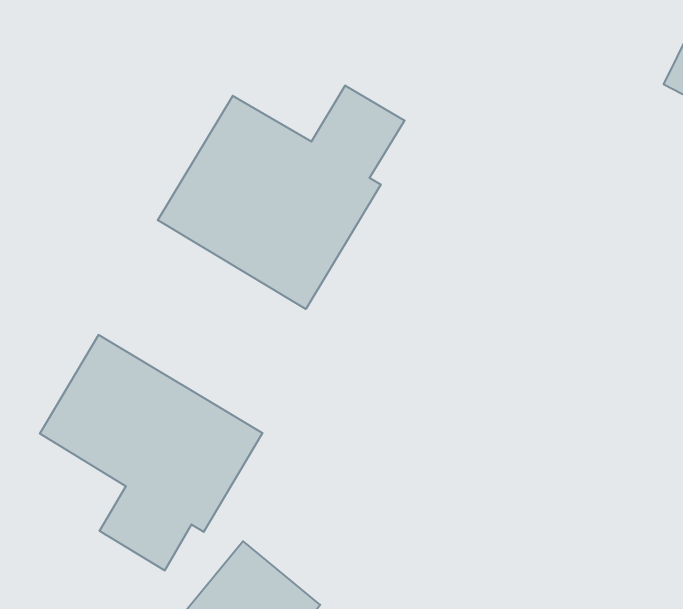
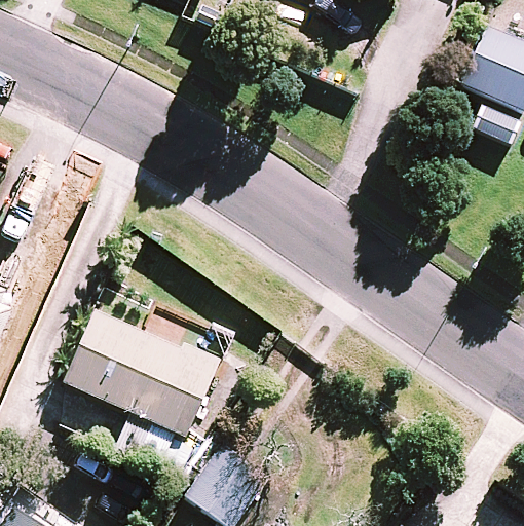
building: [158,85,405,309] -> none

